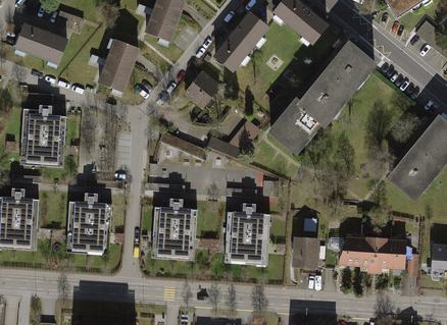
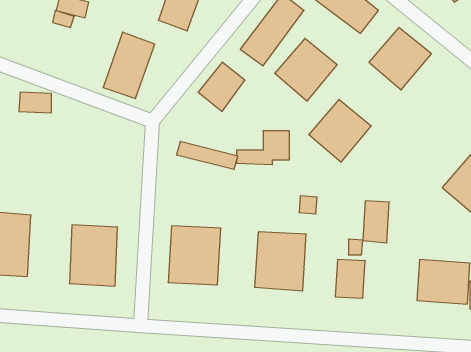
building: [21,29,73,67] -> none
building: [297,68,350,121] -> [275,38,337,101]
building: [24,115,68,170] -> none
building: [343,233,365,269] -> [363,201,389,243]

